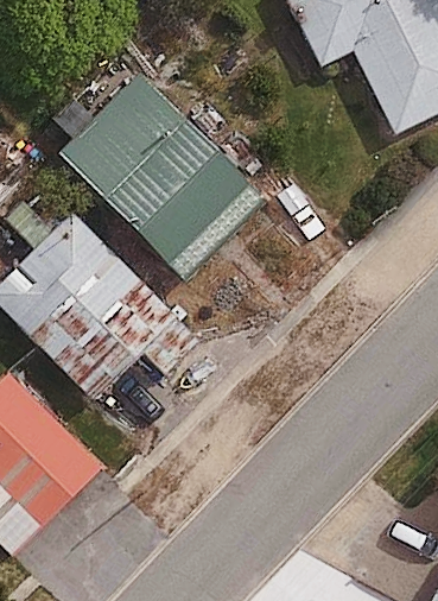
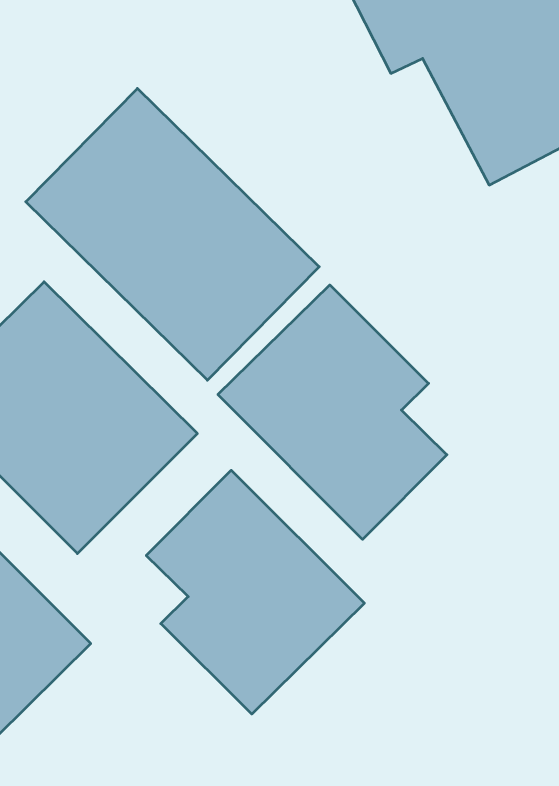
building: none -> [218,285,447,539]
building: none -> [146,470,364,714]

